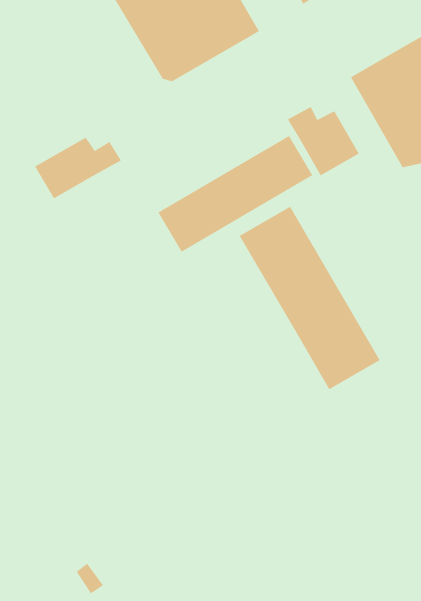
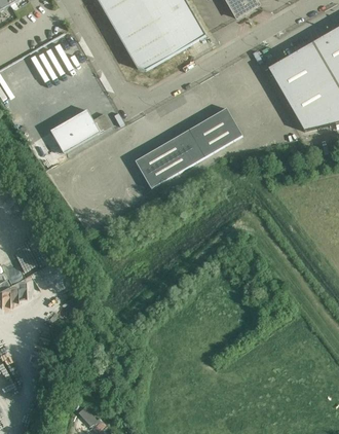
building: [287,106,360,176] -> none
building: [239,206,381,390] -> none

